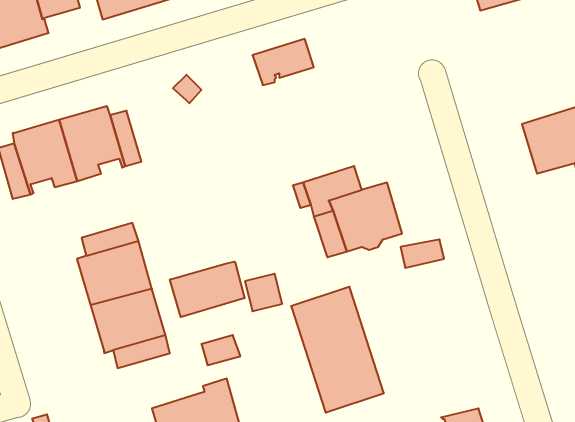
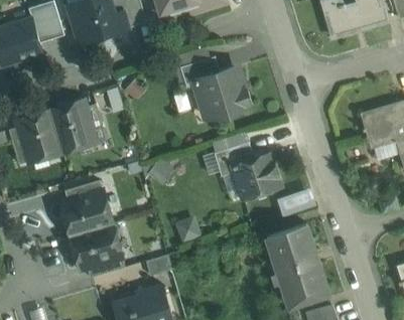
building: none -> [194,70,251,116]
building: [170,262,245,317] -> none
building: [291,287,384,413] -> [266,223,328,308]

